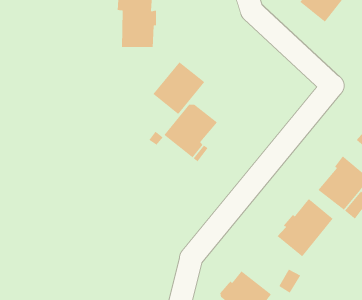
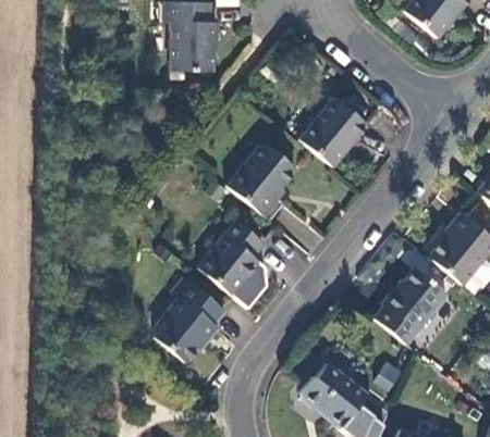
building: [153,61,205,115] -> [299,97,368,166]
building: none -> [199,221,265,295]
building: none -> [155,277,226,363]

